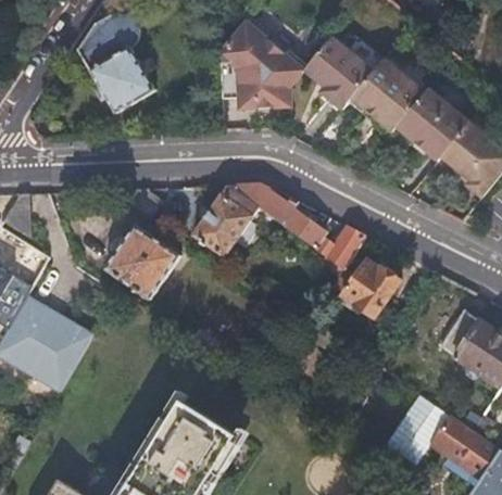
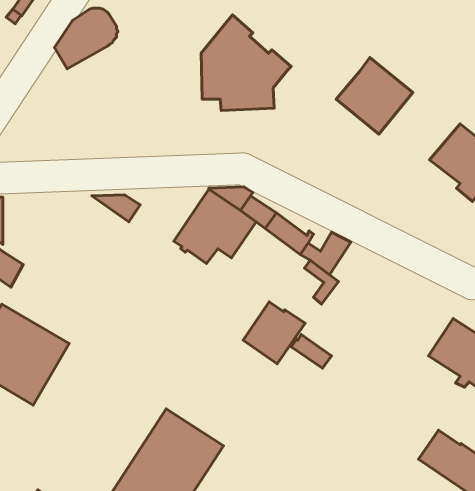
building: [303,36,373,110] -> none
building: [90,47,154,111] -> none
building: [396,87,469,161] -> none
building: [106,226,177,299] -> none
building: [340,257,400,317] -> [243,302,305,364]
building: [386,395,449,462] -> none

